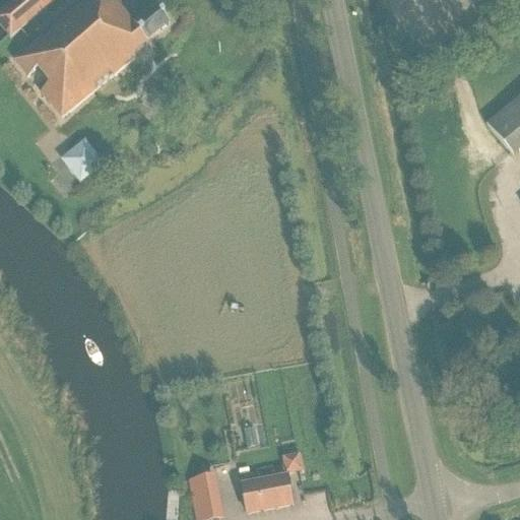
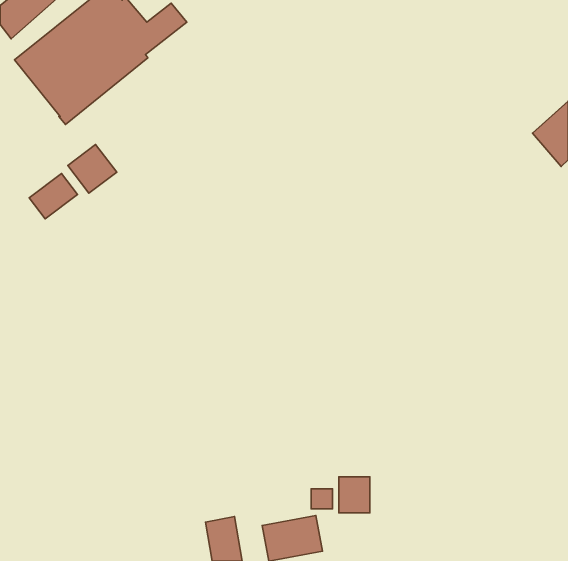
building: none -> [29,173,77,219]
building: none -> [339,477,370,513]

